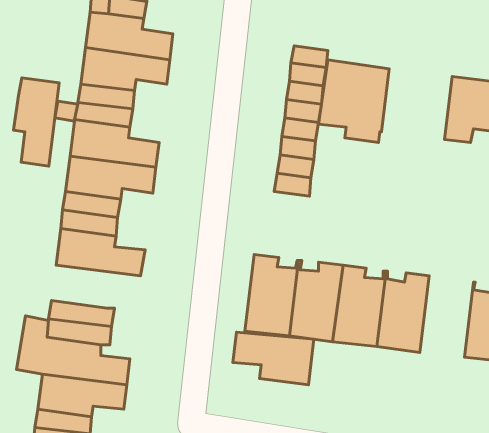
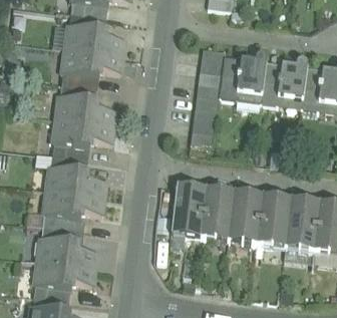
building: none -> [260,62,306,108]
building: [13,78,59,166] -> none
building: none -> [44,191,102,219]
building: none -> [285,198,320,251]
building: [233,332,314,385] -> none

